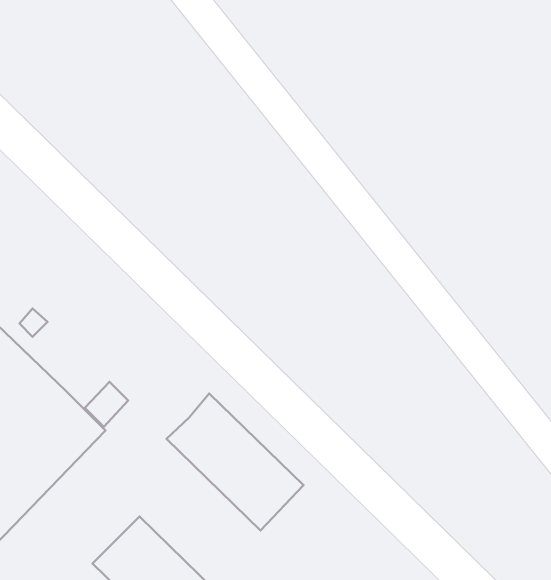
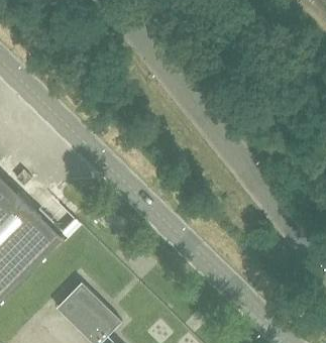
building: [167,394,303,530] -> none

